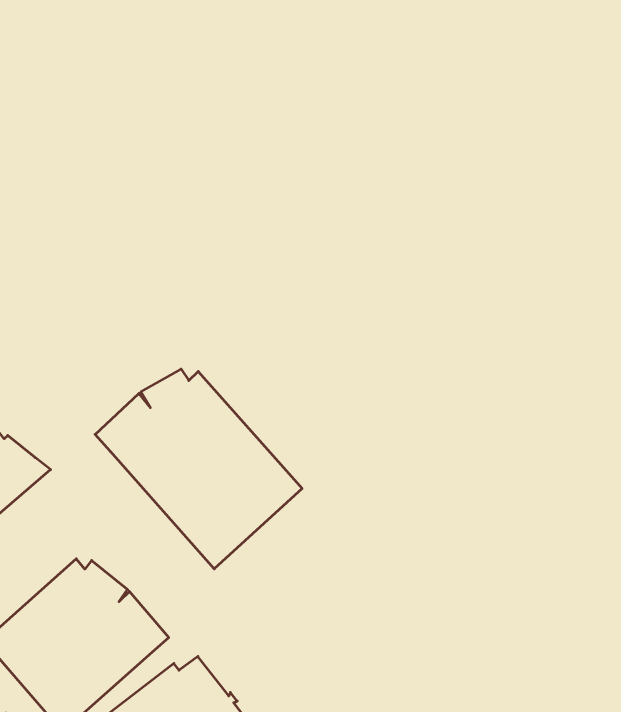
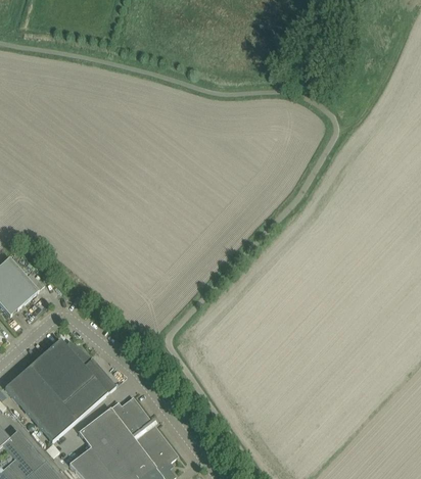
building: [95,369,302,569] -> none

